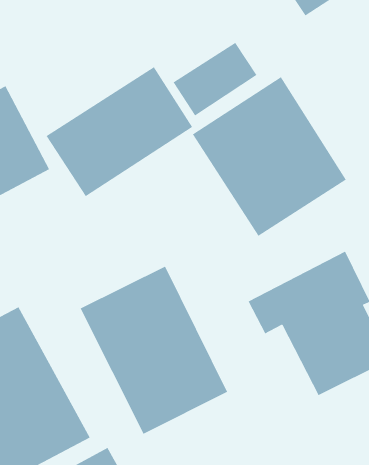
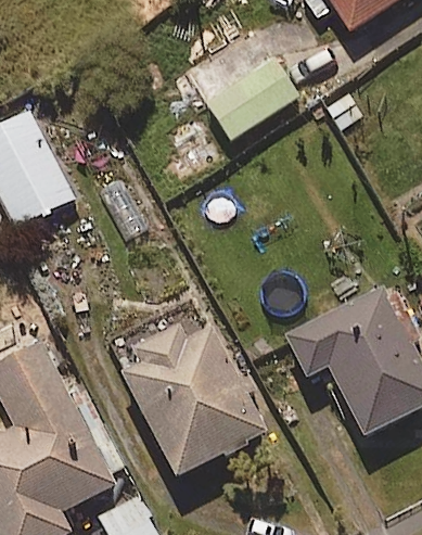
building: [46,66,193,197] -> none
building: [192,76,347,237] -> none

